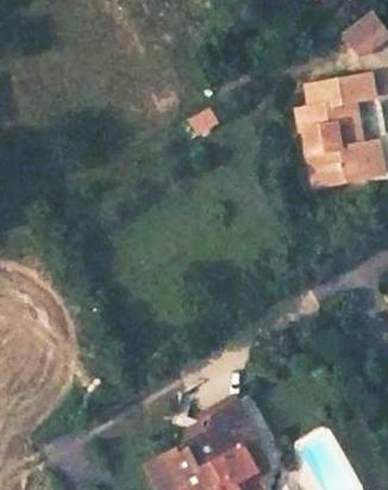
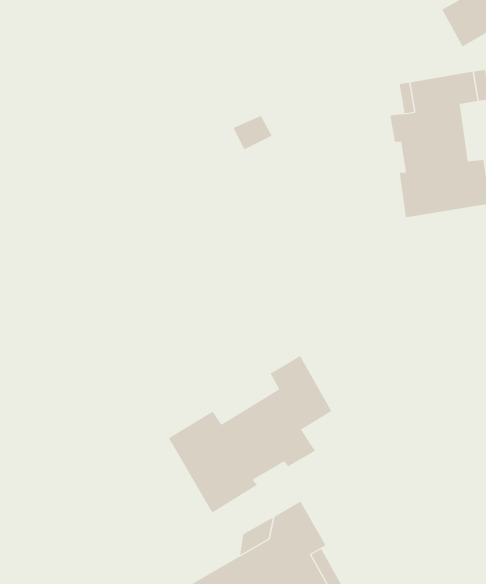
building: none -> [168,355,332,513]

